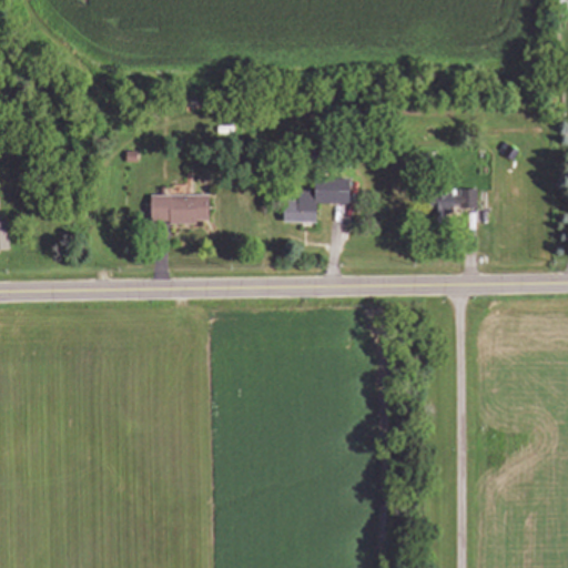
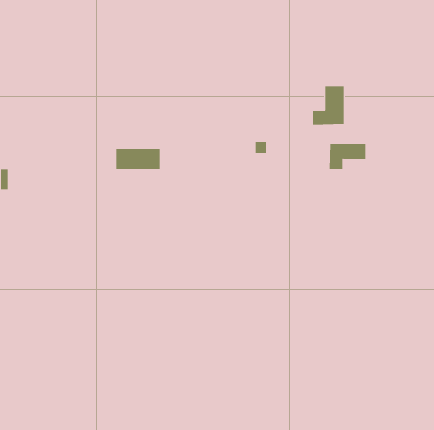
building: none -> [313,85,344,126]
building: [284,199,317,222] -> none

